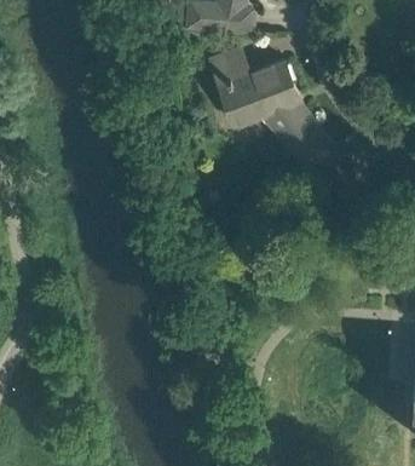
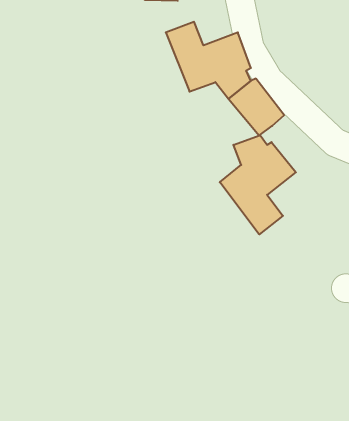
building: none -> [220,135,296,234]

